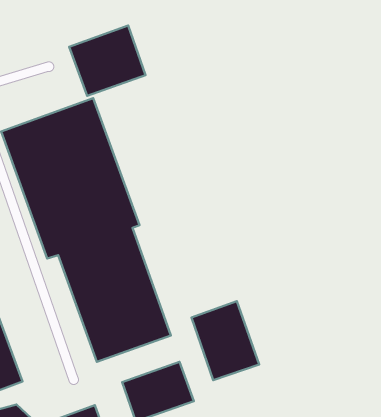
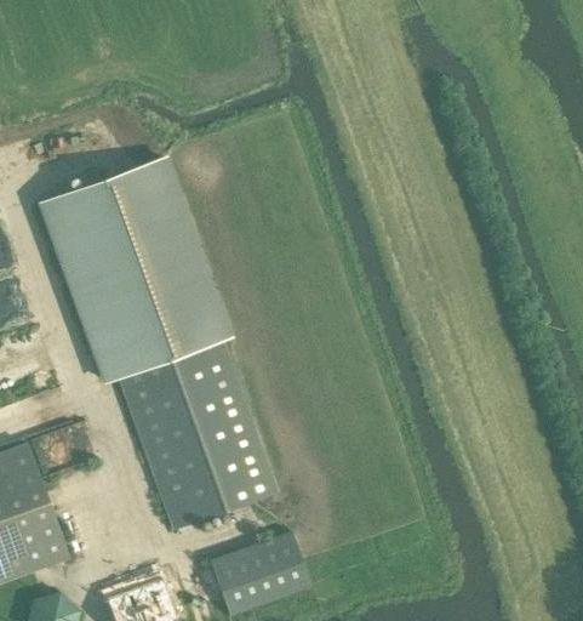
building: [69,26,146,96] -> none
building: [191,301,259,380] -> none

